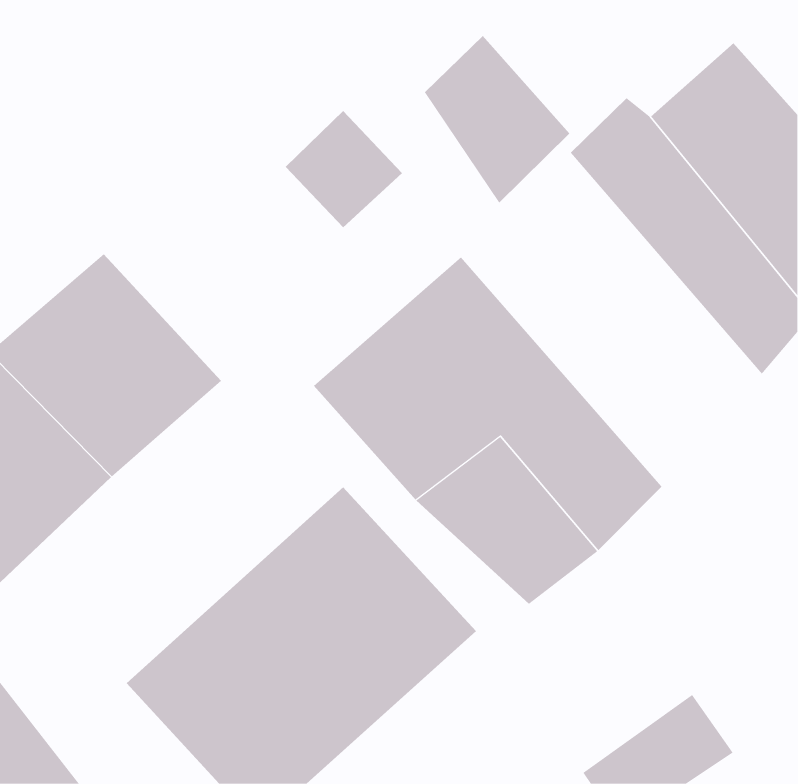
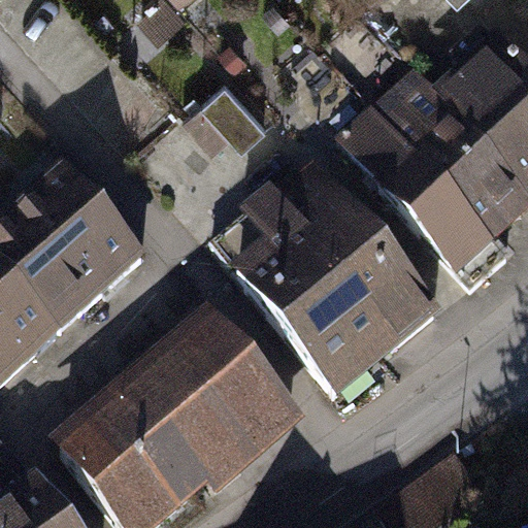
building: [424,35,570,204] -> none
building: none -> [335,100,499,279]

